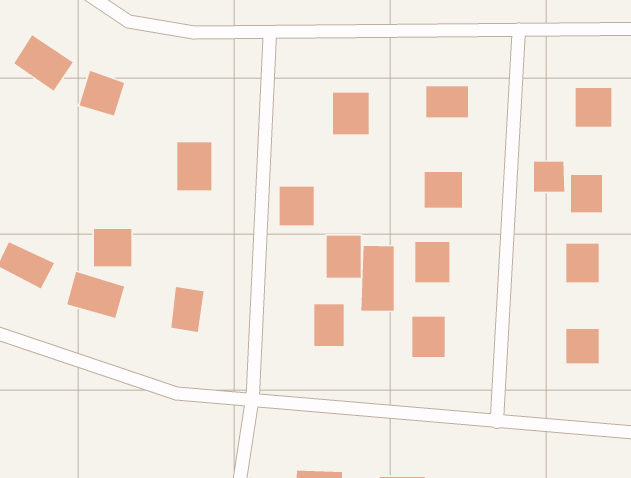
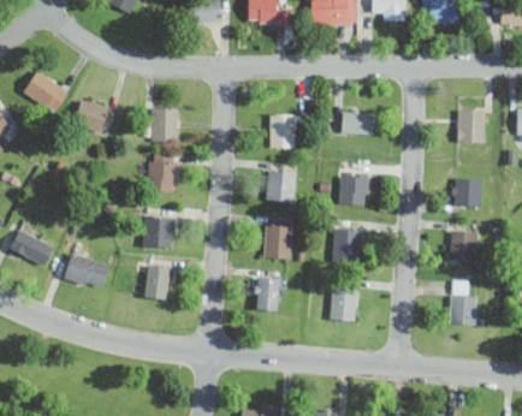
building: none -> [150,107,179,142]
building: [533,161,565,193] -> none
building: [279,186,314,226] -> [267,171,295,202]
building: [93,228,132,267] -> [144,218,174,248]
building: [361,245,394,311] -> none

